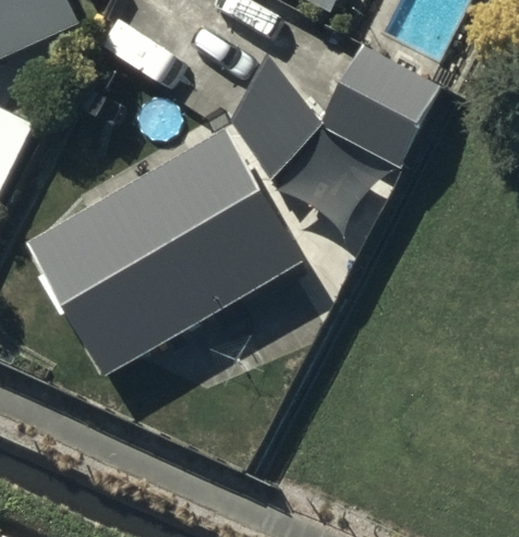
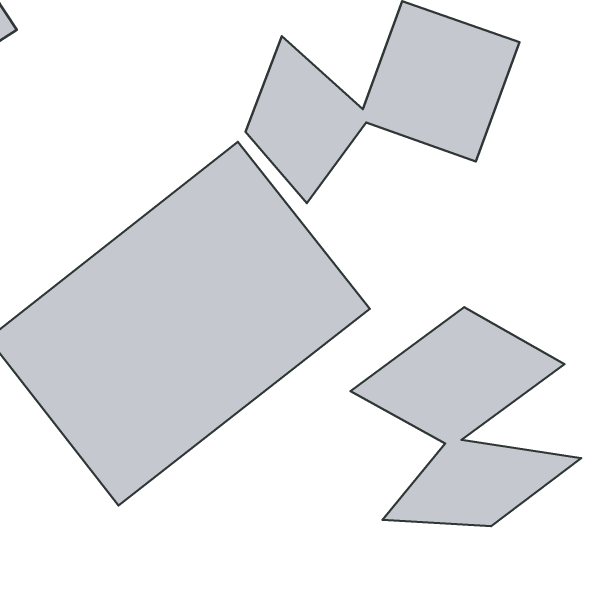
building: none -> [351,307,581,526]

